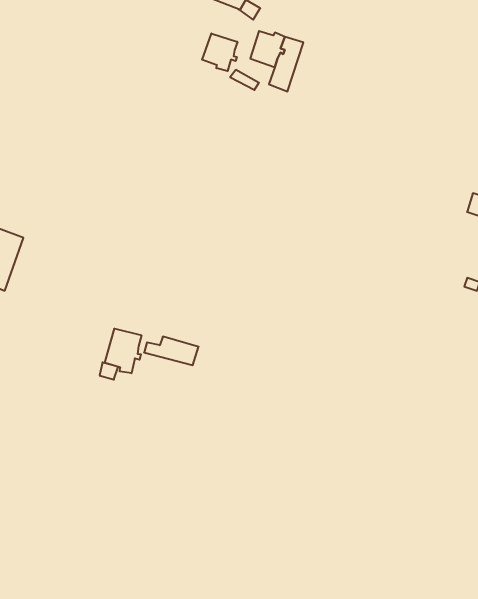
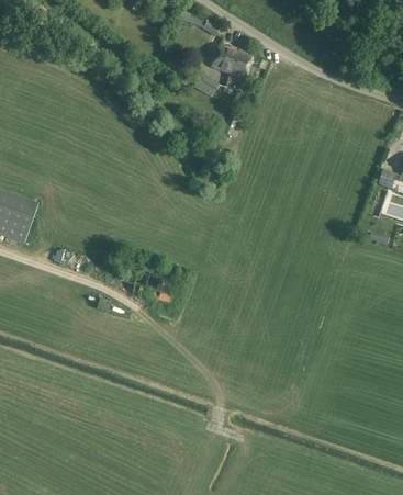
building: [202,33,237,71] -> none
building: [105,329,141,373] -> none

